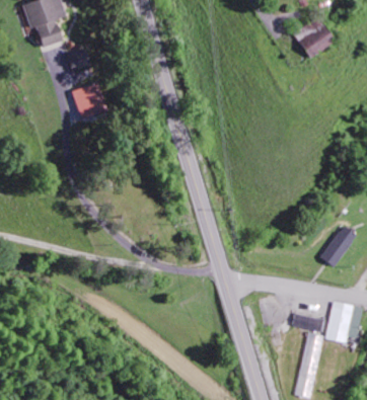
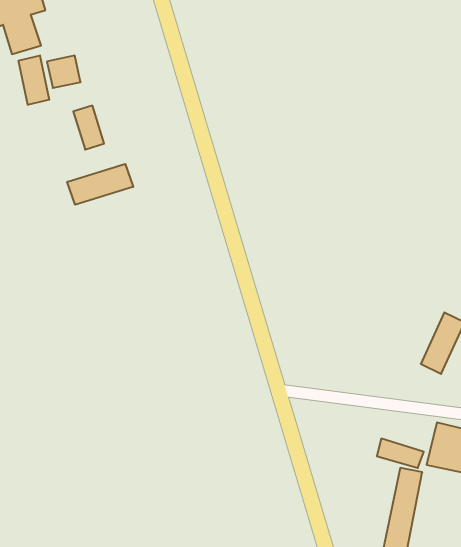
building: [291,19,331,57] -> none
building: none -> [19,55,49,105]
building: none -> [67,164,133,205]

